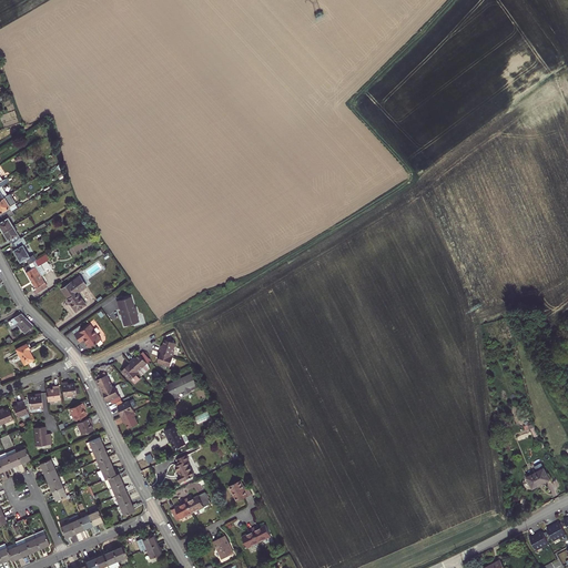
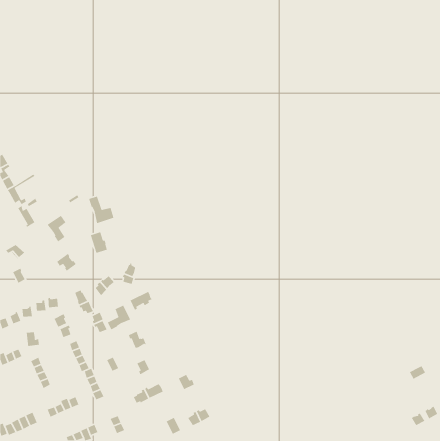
building: none -> [88,196,114,224]
building: none -> [107,304,131,331]

